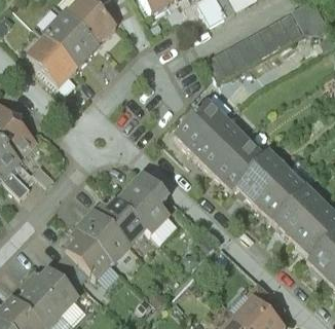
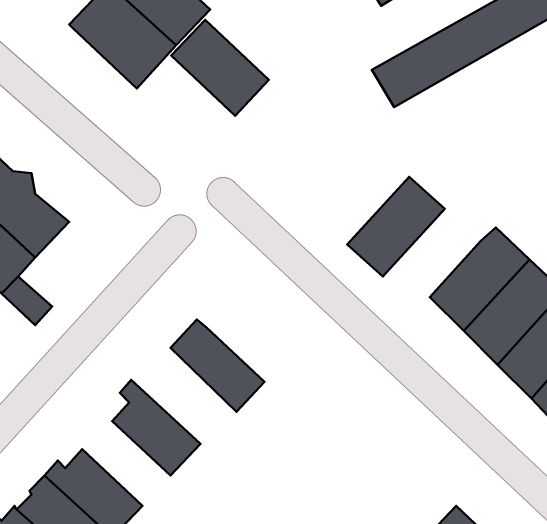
building: [24,36,77,88] -> [171,20,269,116]
building: [173,100,226,154] -> none
building: [212,135,265,190] -> none
building: [115,172,171,234] -> none
building: [74,209,132,265] -> none

